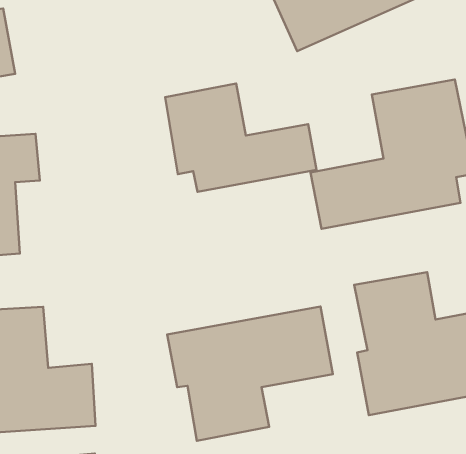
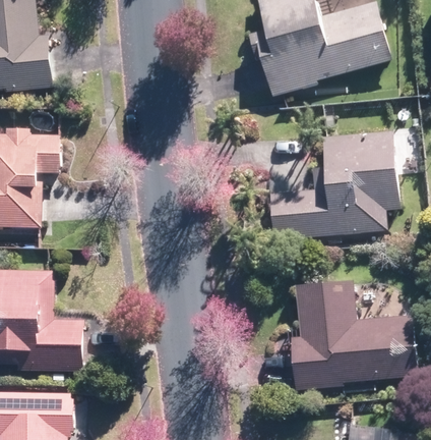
building: [165,84,317,192] -> none
building: [167,306,333,441] -> none

